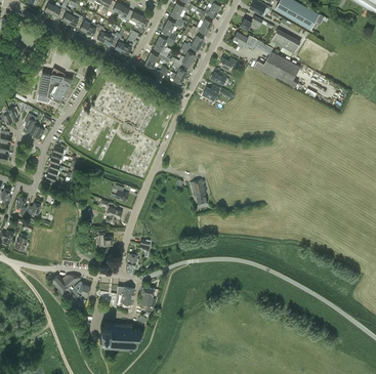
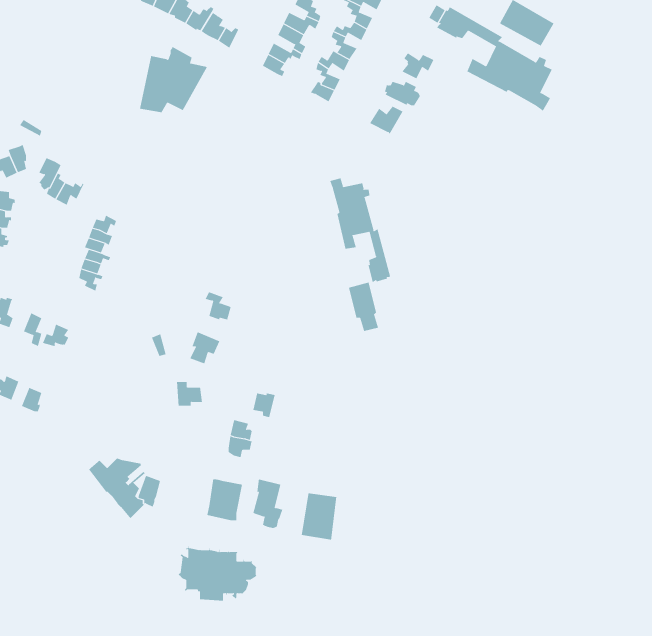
building: [36,67,73,102] -> [139,46,208,113]
building: none -> [329,178,391,283]
building: none -> [301,492,337,541]

